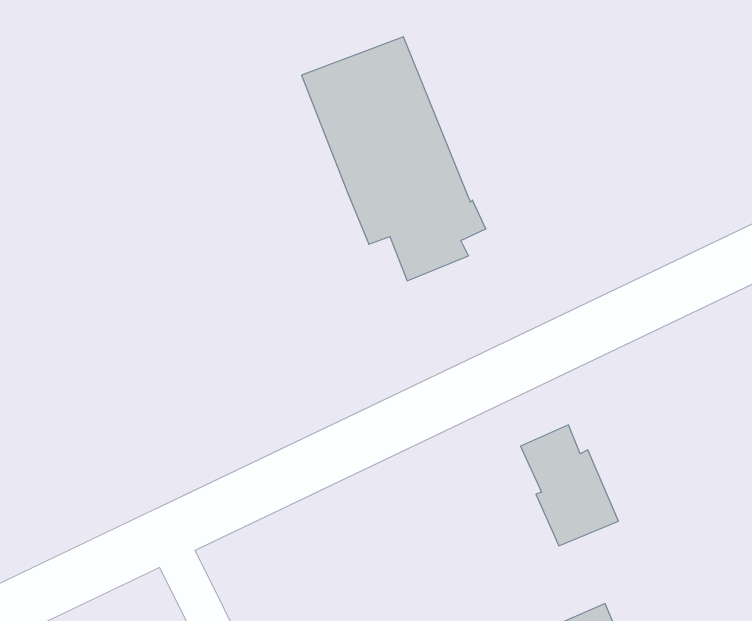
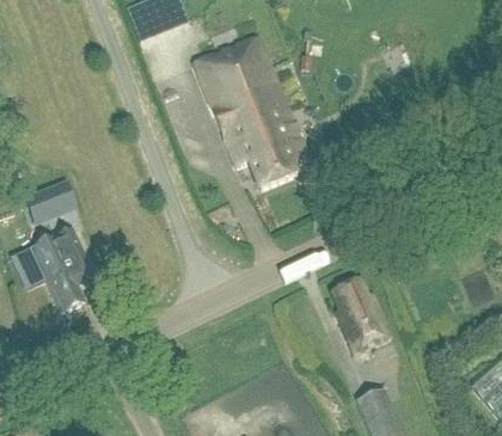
building: none -> [25,182,73,217]
building: none -> [12,227,91,311]

